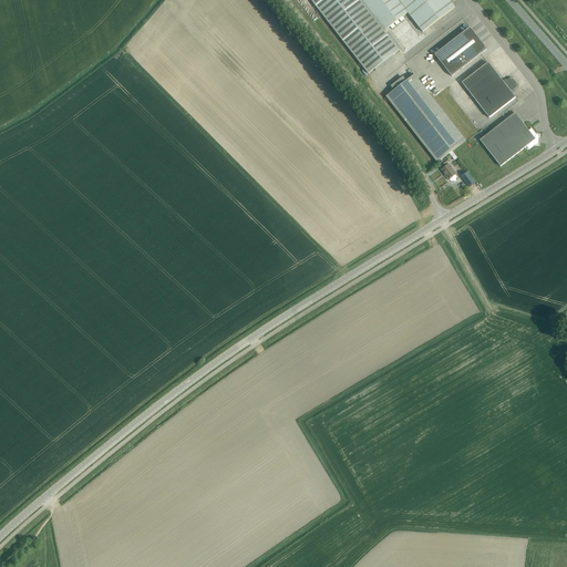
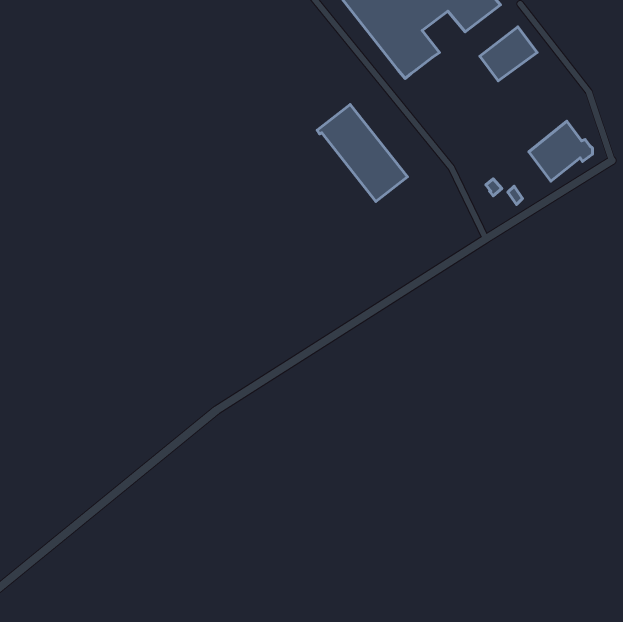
building: [460,60,515,115] -> none
building: [382,72,464,159] -> [317,105,408,201]

